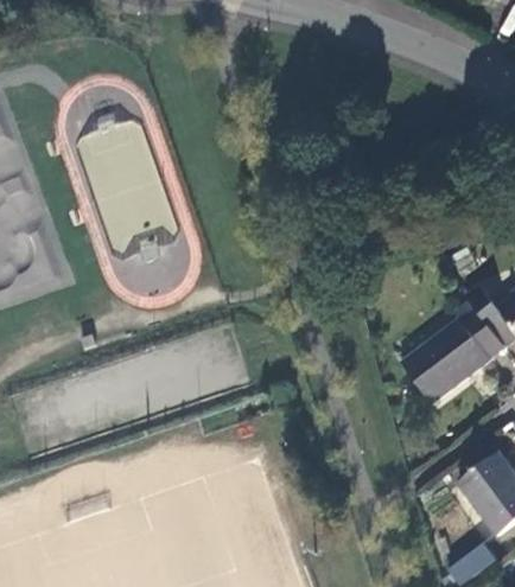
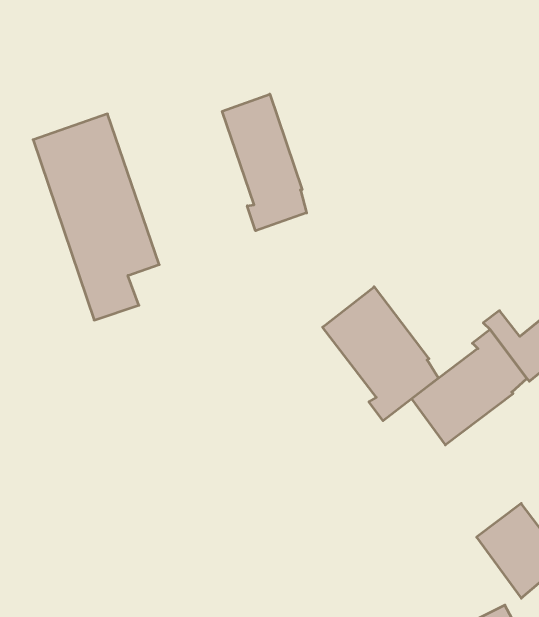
building: none -> [222,94,307,231]
building: none -> [323,287,438,421]

